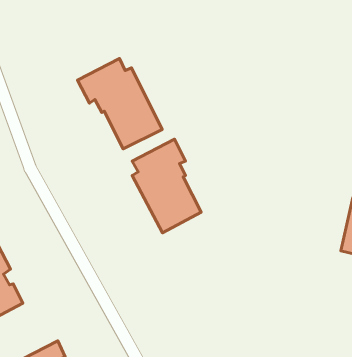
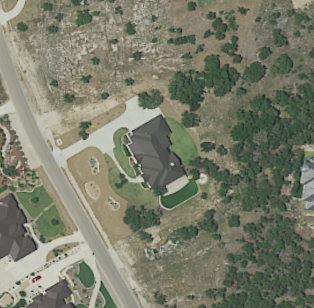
building: [77,59,162,149] -> none

